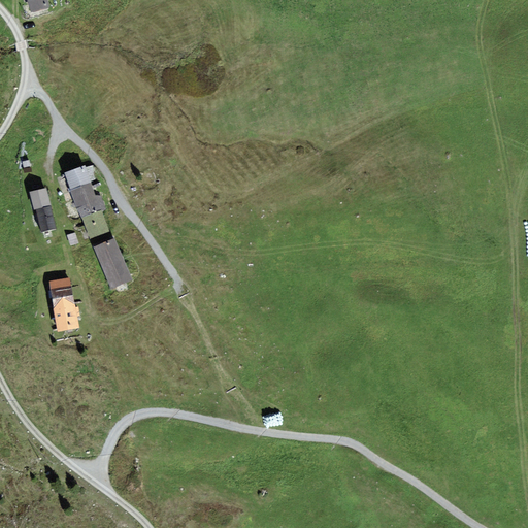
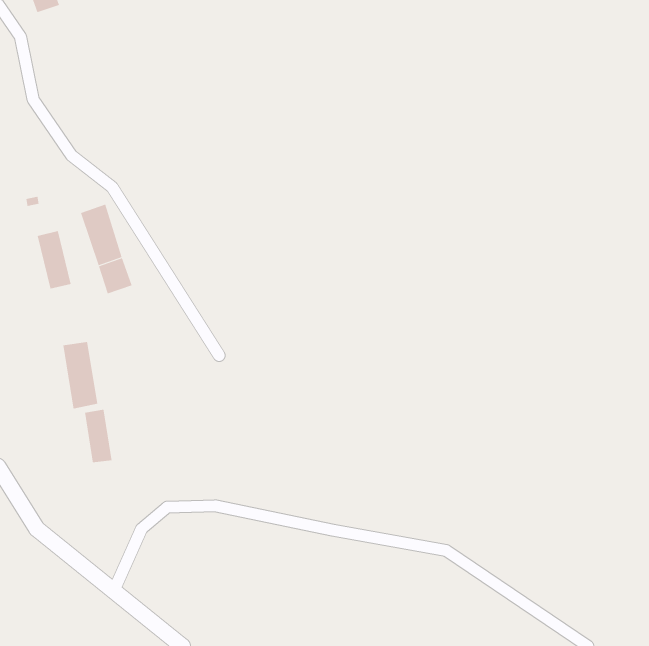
building: [94,238,132,289] -> none
building: none -> [84,409,112,463]

